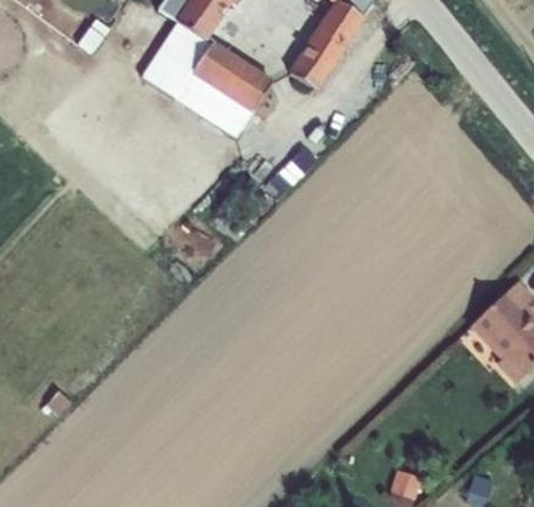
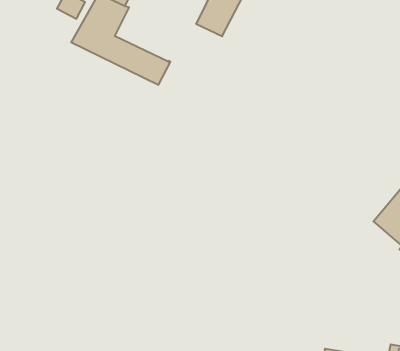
building: [192,42,272,113] -> none

